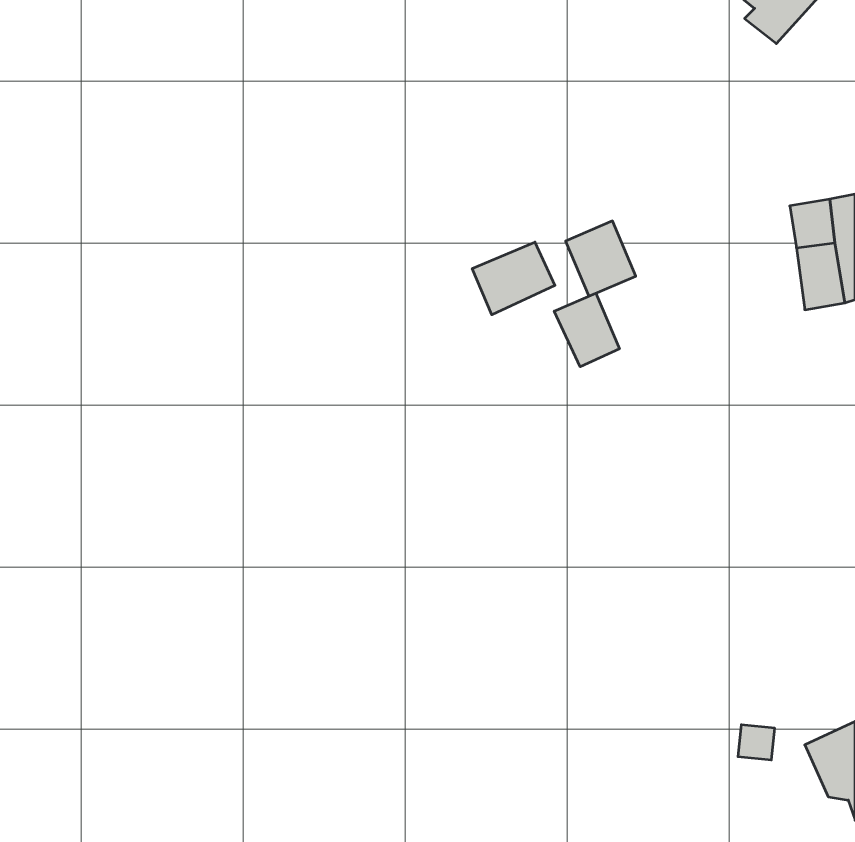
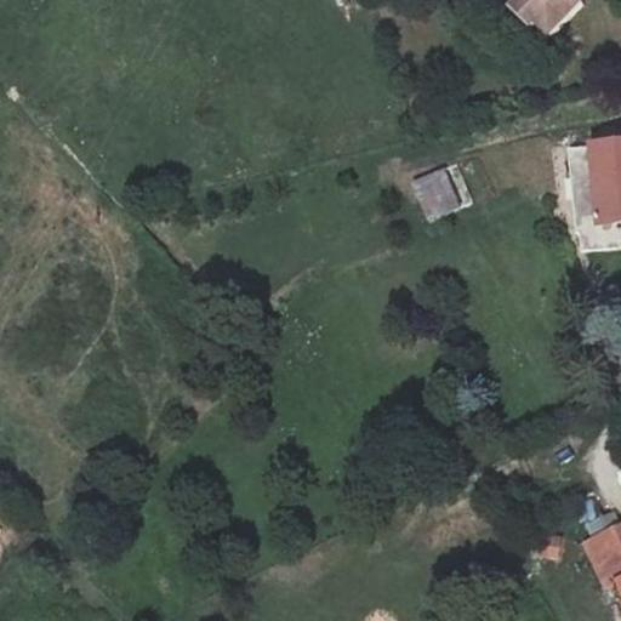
building: [472,242,555,315] -> none
building: [554,293,619,367] -> none

